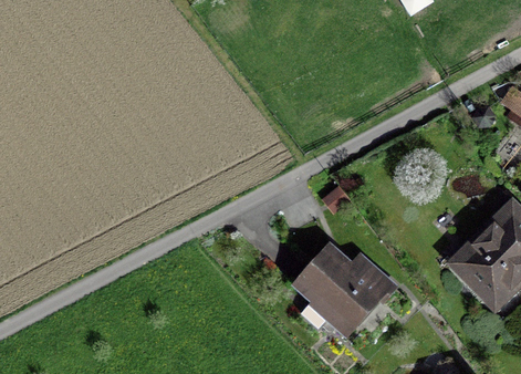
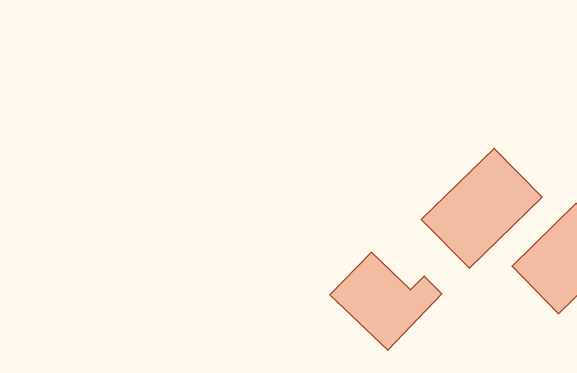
building: none -> [421,148,542,268]

